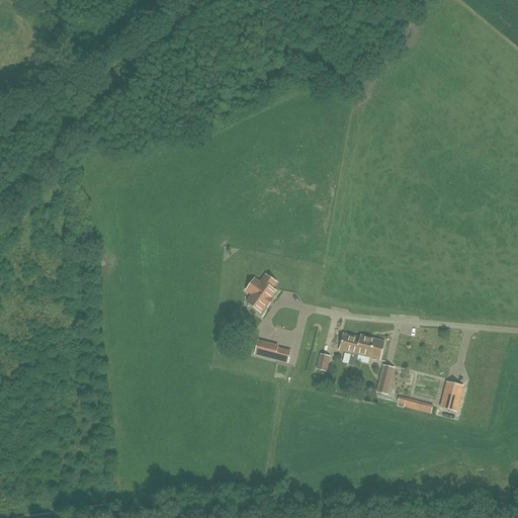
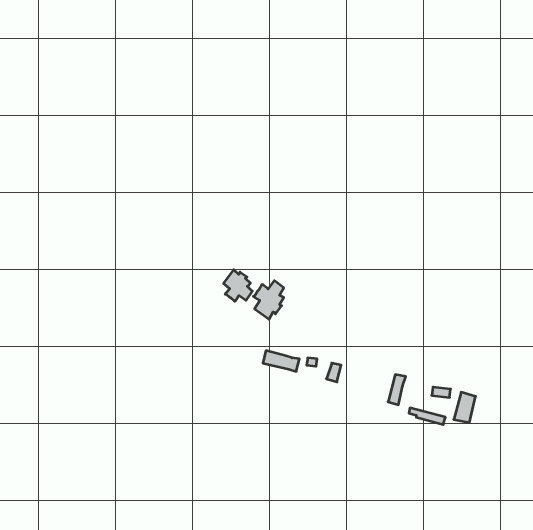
building: none -> [224,270,252,301]
building: [339,332,384,364] -> none

